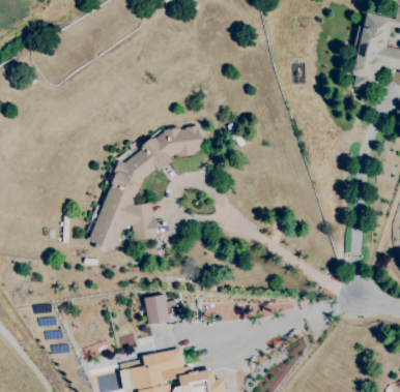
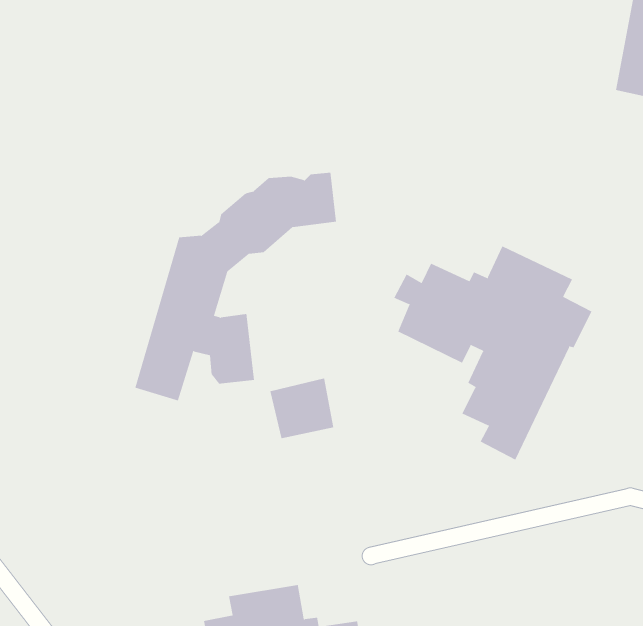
building: none -> [393,246,592,461]
building: [143,292,178,325] -> [269,378,334,439]

